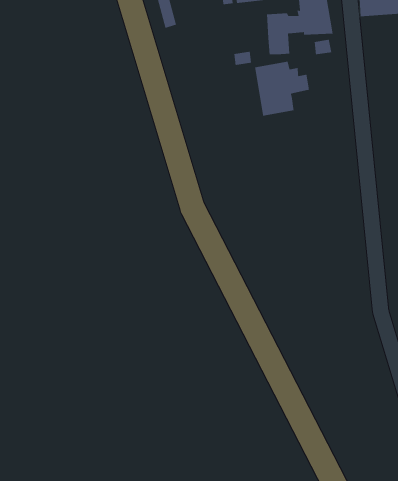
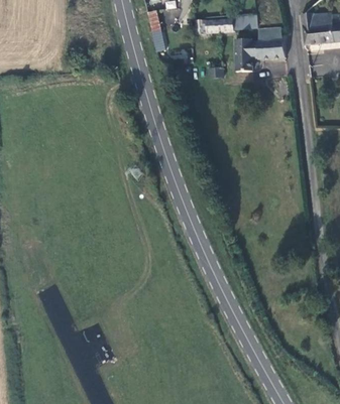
building: [255,61,310,116] -> none

